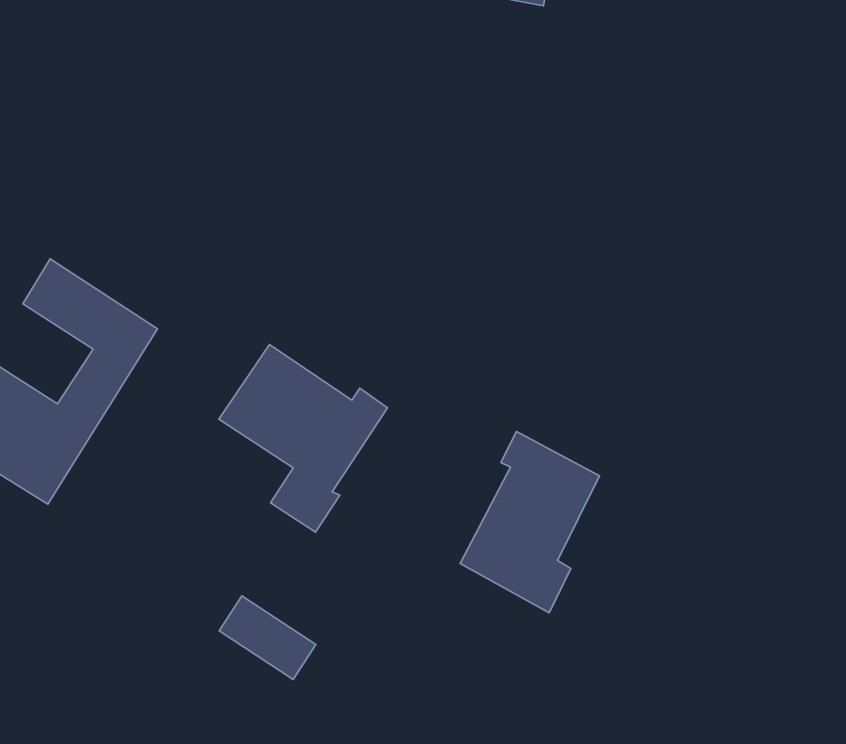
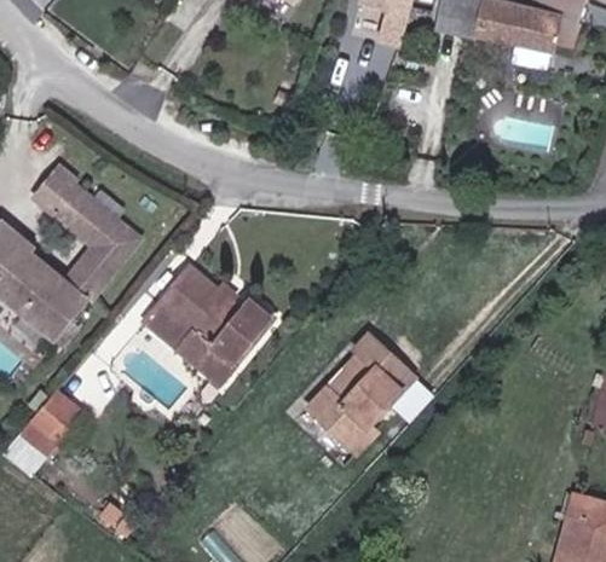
building: none -> [23,394,83,457]
building: [219,596,316,680] -> [148,301,210,359]

